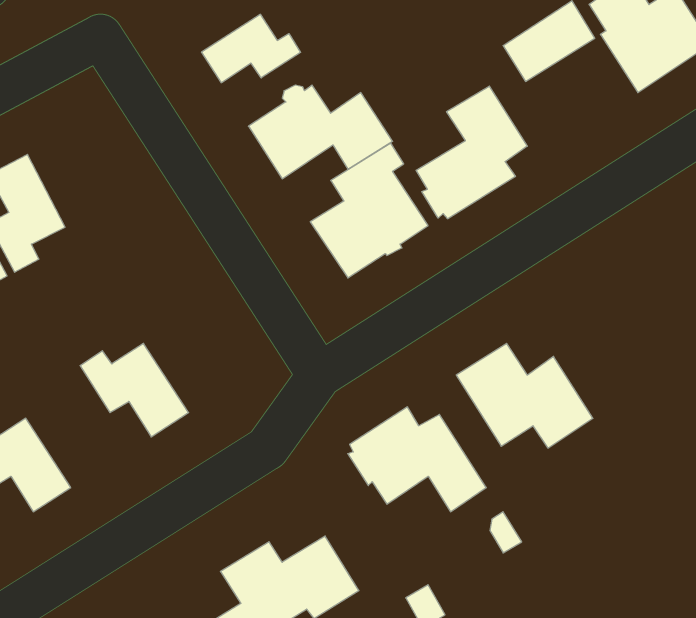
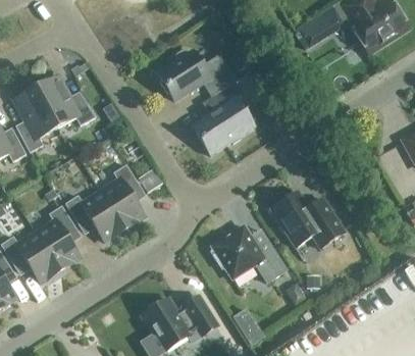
building: [202,14,301,83] -> none
building: [416,86,527,219] -> none
building: none -> [37,77,96,128]
building: none -> [100,164,145,228]
building: none -> [36,205,80,269]

